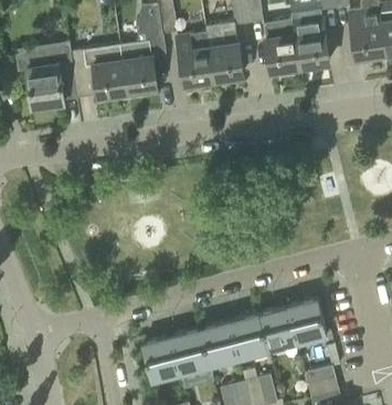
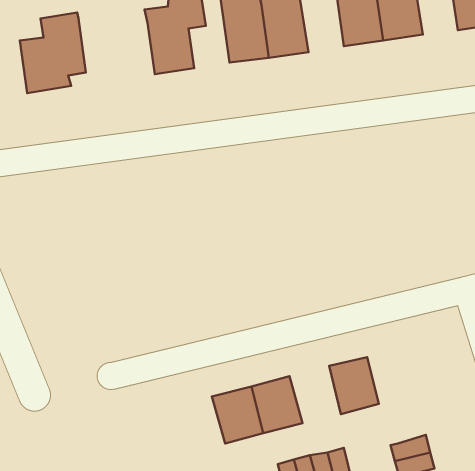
building: [70,45,127,98] -> none
building: [287,300,326,343] -> none
building: [229,314,267,357] -> none
building: [141,338,180,381] -> none

